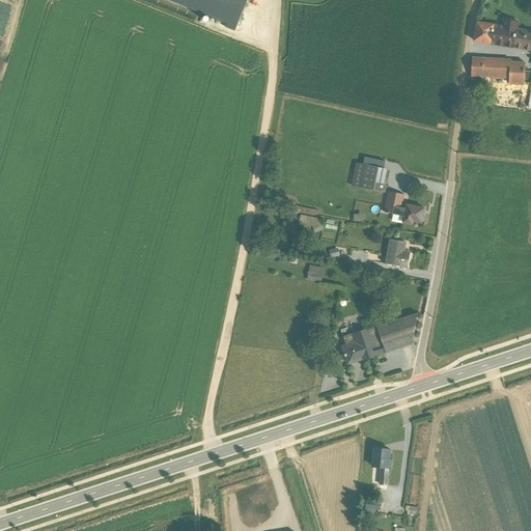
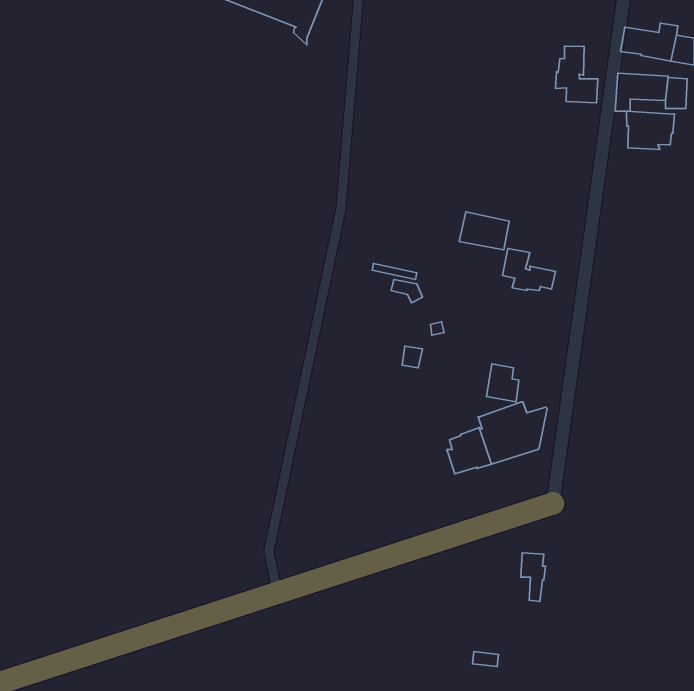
building: none -> [556,46,598,103]
building: none -> [627,111,675,150]
building: [385,237,410,267] -> [486,364,519,402]
building: [372,447,391,484] -> [521,553,545,602]

